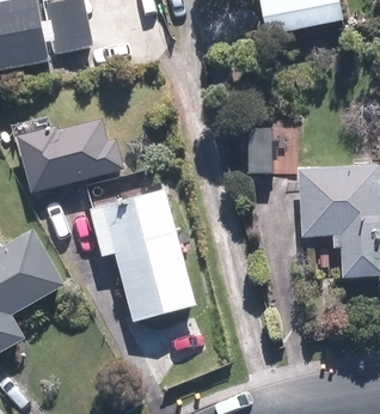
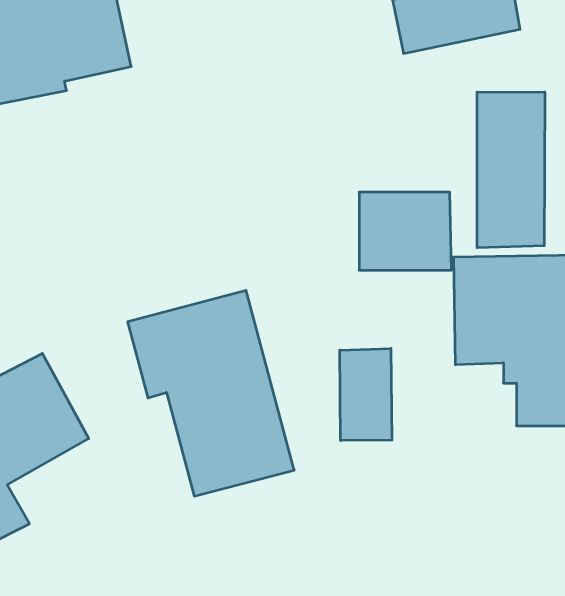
building: none -> [477,92,545,248]
building: [13,117,119,190] -> none
building: none -> [340,348,392,441]

